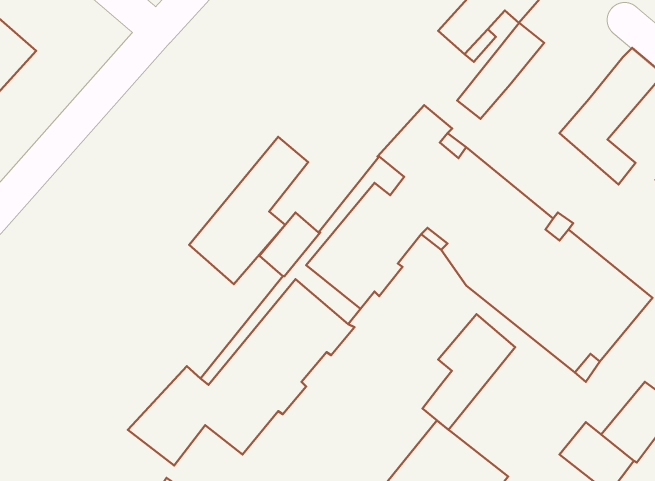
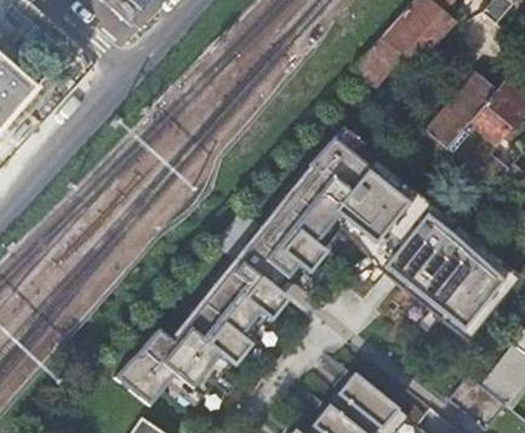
building: [457,23,544,119] -> [430,73,498,148]
building: [189,137,308,284] -> none
building: [423,314,515,430] -> none

